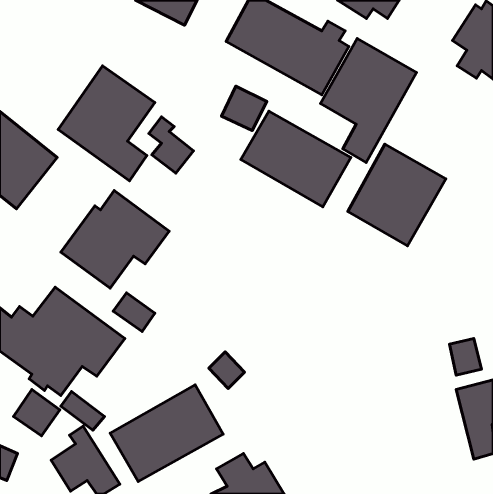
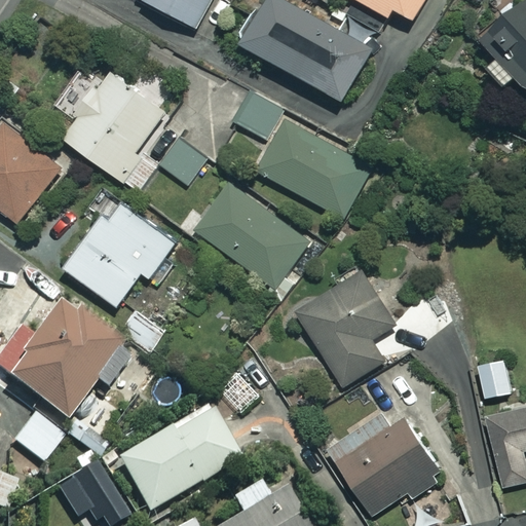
building: [320,39,416,162] -> none
building: [348,144,446,246] -> none
building: none -> [195,184,308,287]
building: none -> [295,269,409,388]
building: none -> [327,411,442,516]

